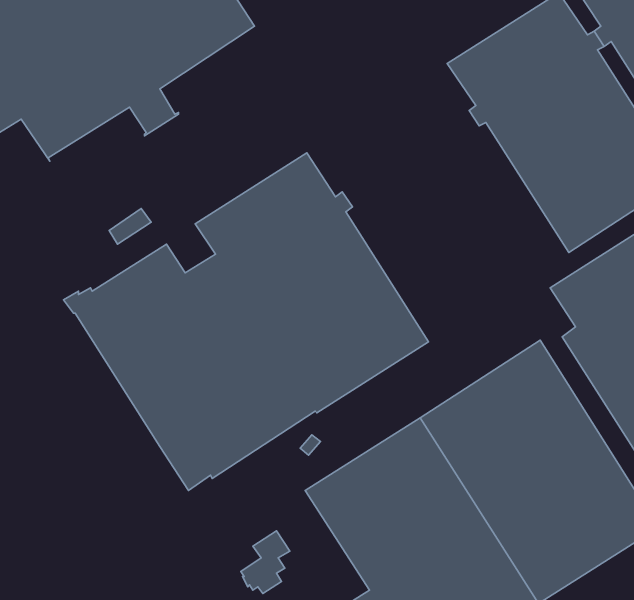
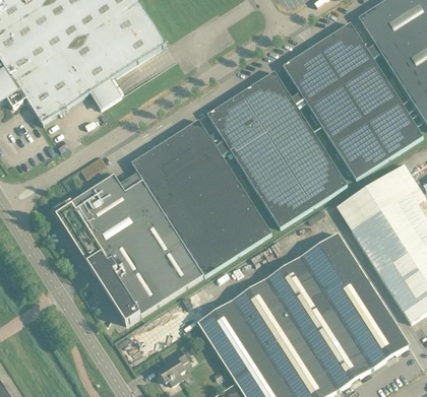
building: none -> [206,70,347,227]

